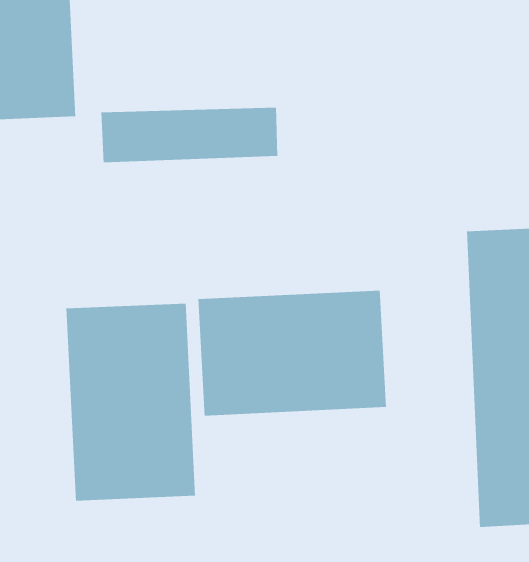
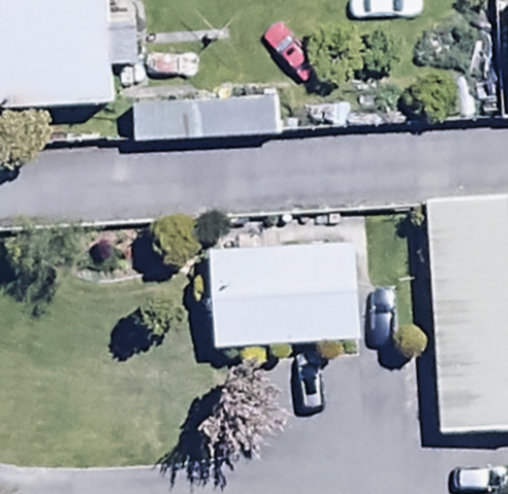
building: [66,303,196,501] -> none

